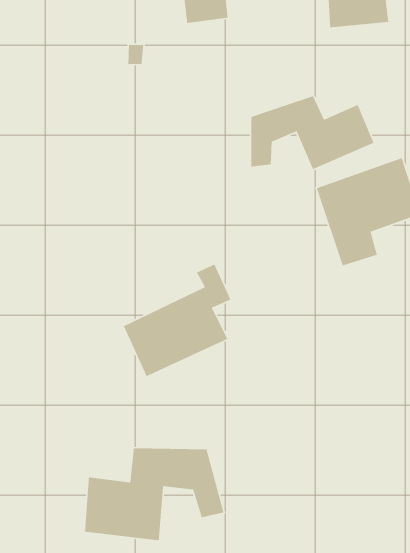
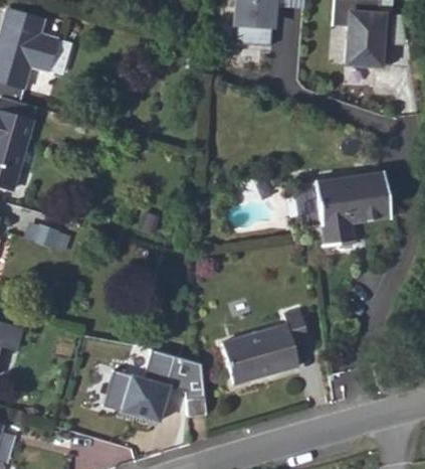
building: [250,95,375,170] -> none
building: [123,264,231,377] -> [223,307,307,383]

